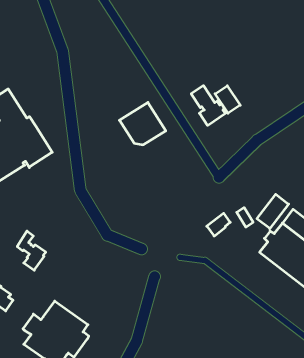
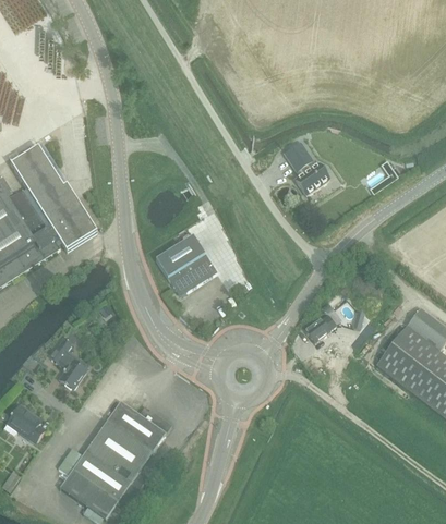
building: [215,86,240,113] -> none
building: [119,102,166,145] -> [155,233,217,290]
building: [257,194,289,229] -> none
building: none -> [100,400,171,461]

